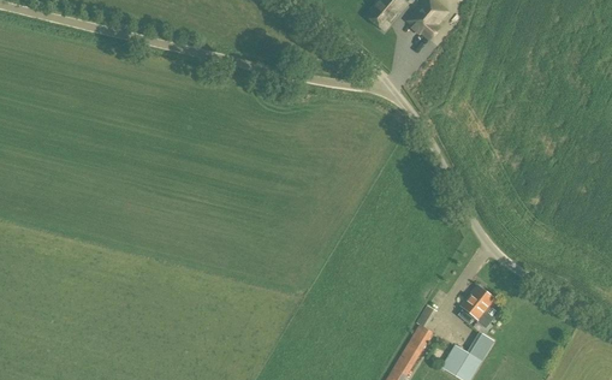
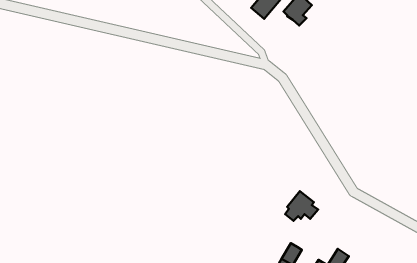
building: [458,285,501,323] -> [285,191,318,221]

